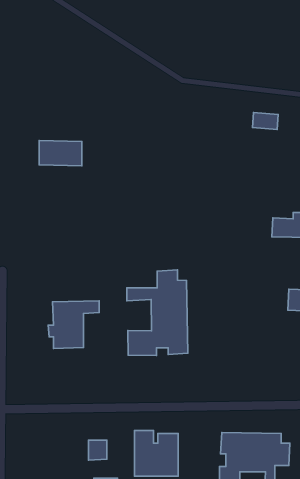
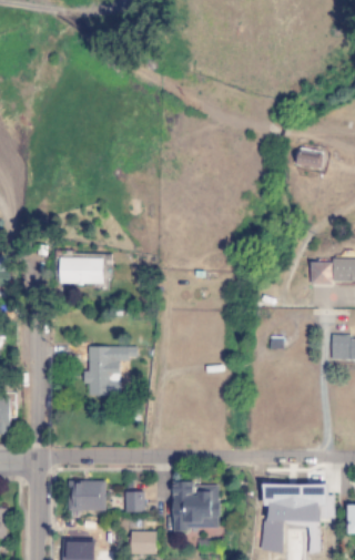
building: [39,140,82,166] -> [60,257,104,284]
building: [127,270,188,356] -> none
building: none -> [68,480,105,510]

